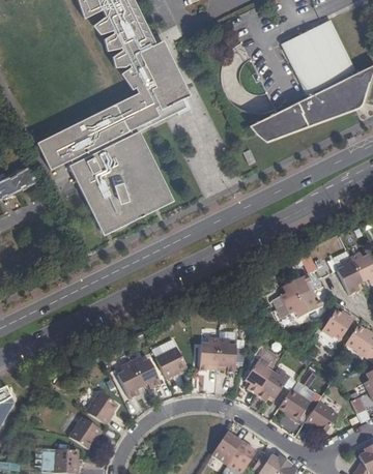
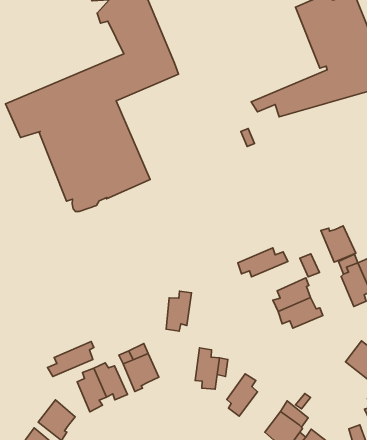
building: none -> [321,226,356,262]
building: none -> [238,248,288,277]
building: [320,309,353,339] -> none
building: [199,337,219,372] -> [166,291,191,331]
building: none -> [47,342,94,377]
building: [256,372,289,402] -> none

